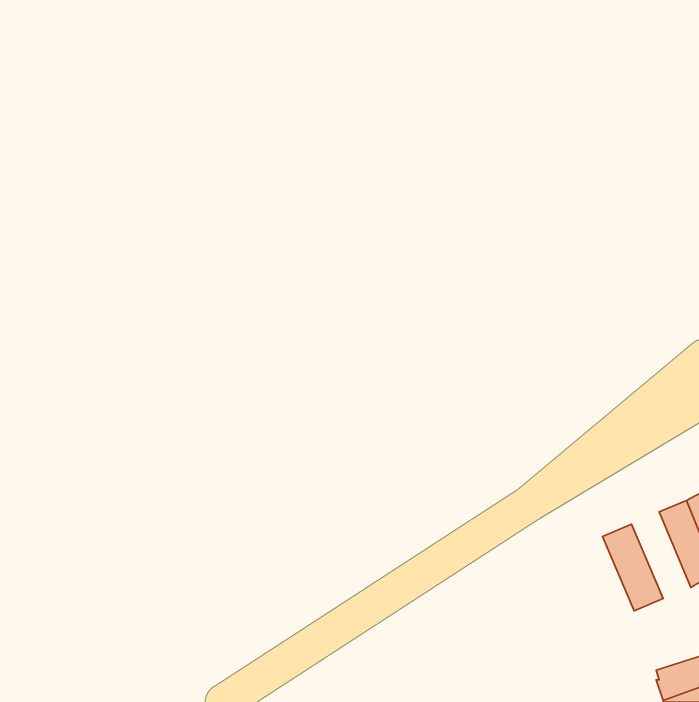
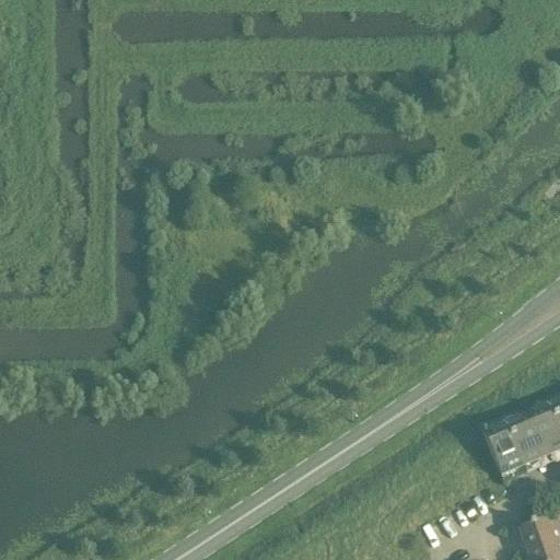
building: none -> [505,406,552,475]

